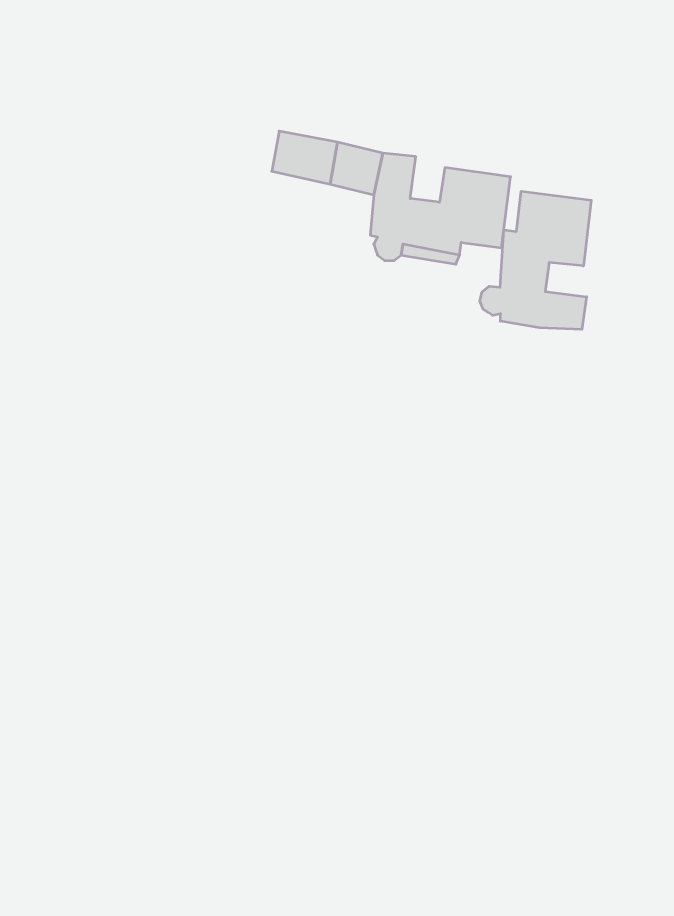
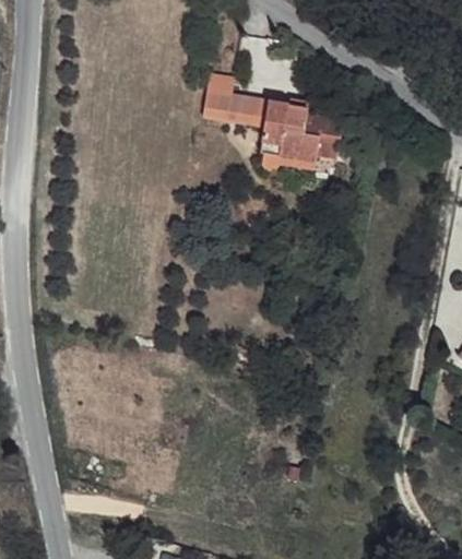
building: [480,191,591,329] -> none

